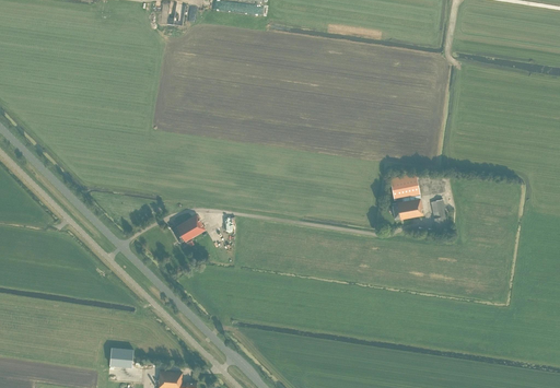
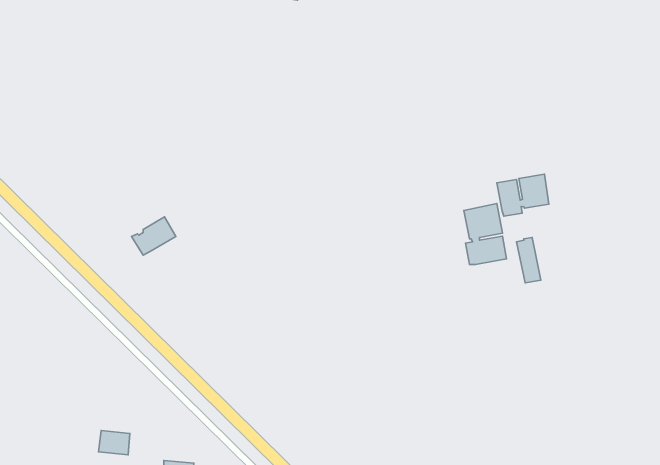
building: none -> [497,174,549,216]
building: [171,214,205,244] -> [132,217,176,255]

